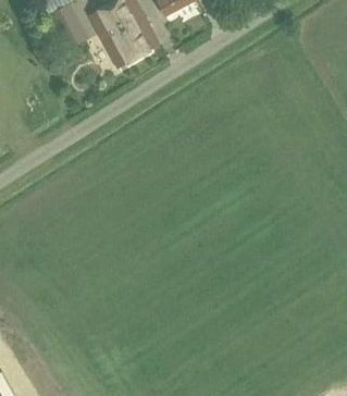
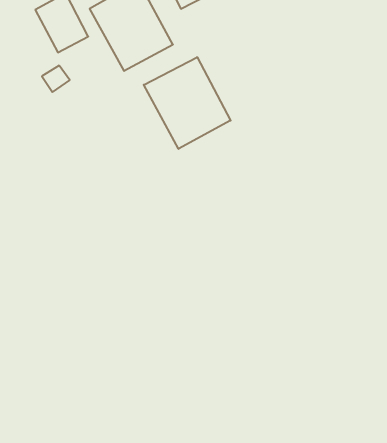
building: none -> [144,57,231,149]

